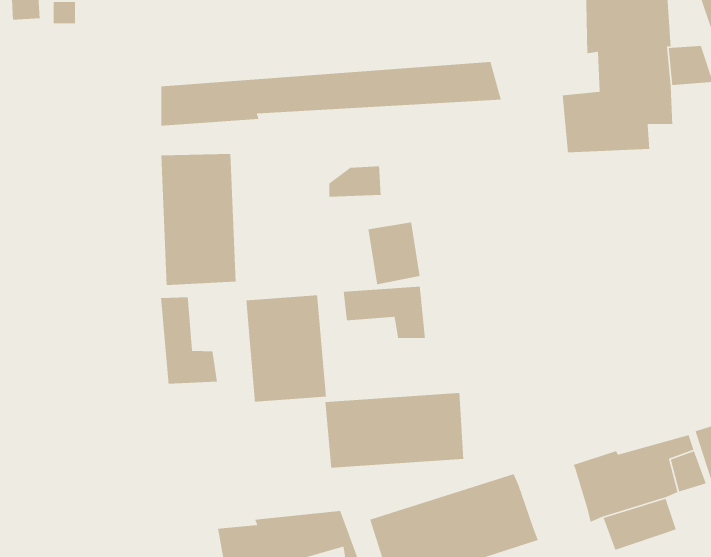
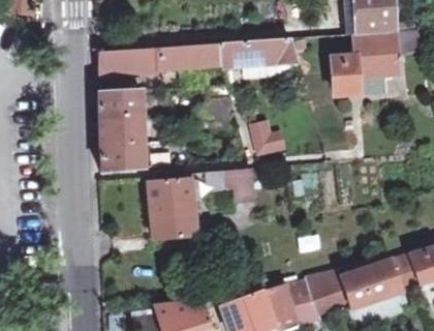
building: [368,222,421,285] -> [250,119,281,156]
building: [160,297,218,384] -> none
building: [325,392,464,468] -> none
building: none -> [308,276,347,310]

